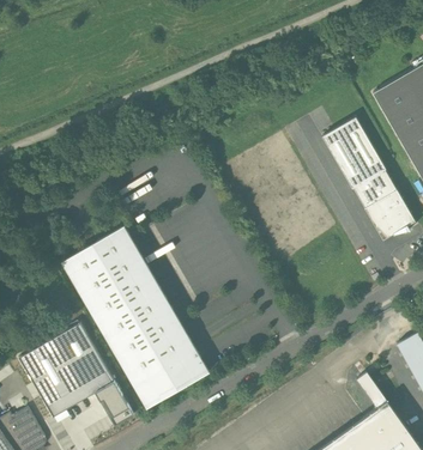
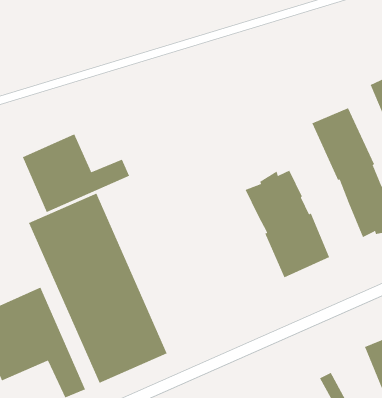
building: none -> [22,133,130,213]
building: none -> [245,170,330,278]

